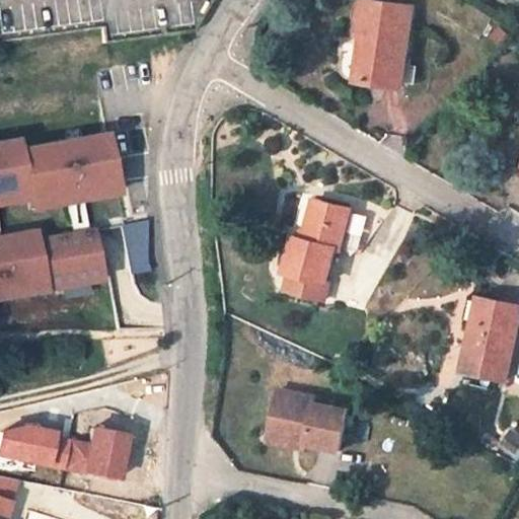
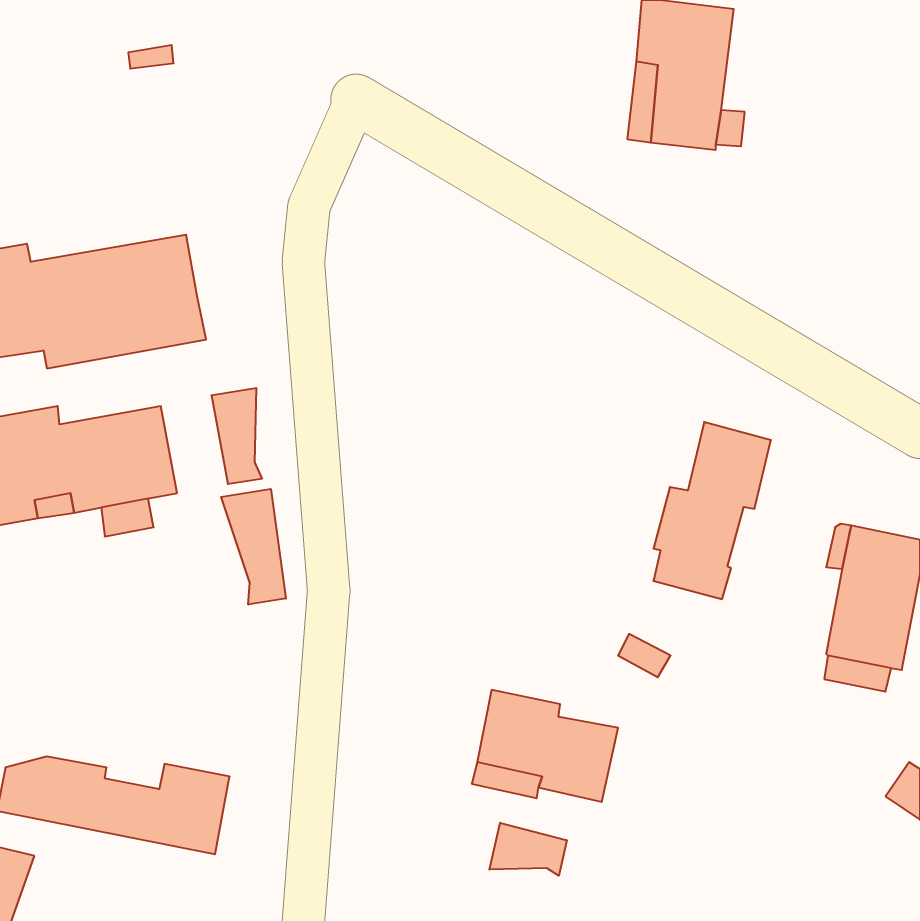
building: [284,200,350,299] -> [653,422,771,599]
building: none -> [221,489,286,605]
building: none -> [489,823,567,876]

